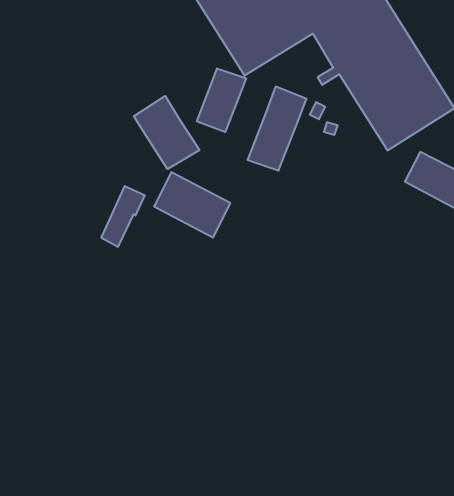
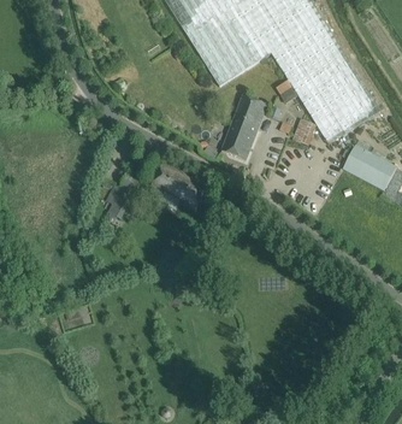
building: [197,68,246,132] -> none
building: [134,96,199,169] -> none

